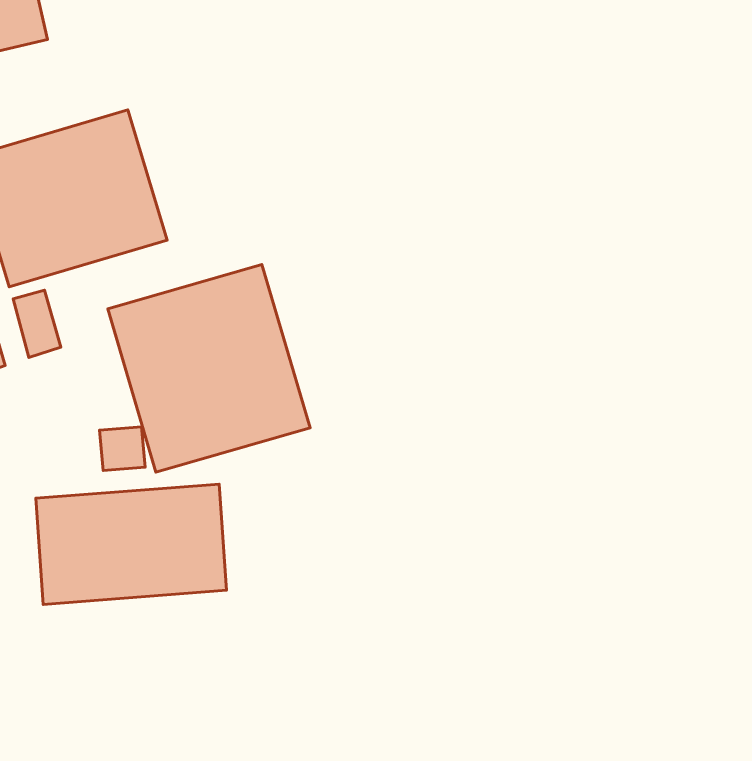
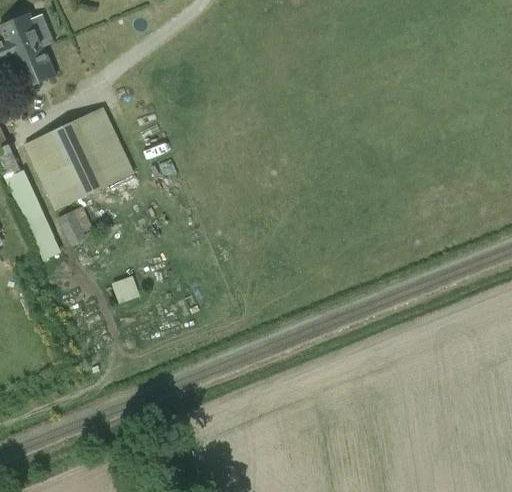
building: [108,264,310,472] -> none
building: [36,484,227,605] -> none

